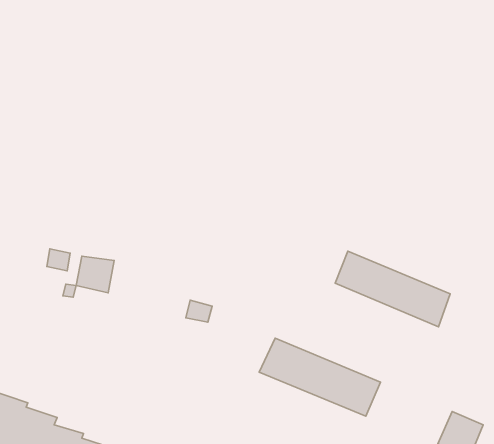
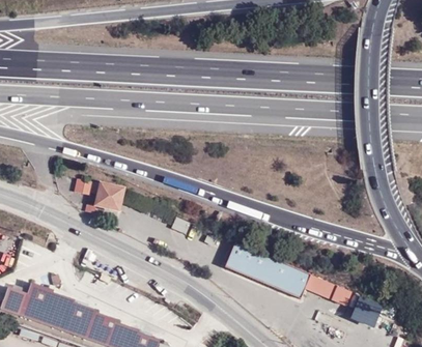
building: [335,251,450,327] -> none
building: none -> [308,276,353,306]

